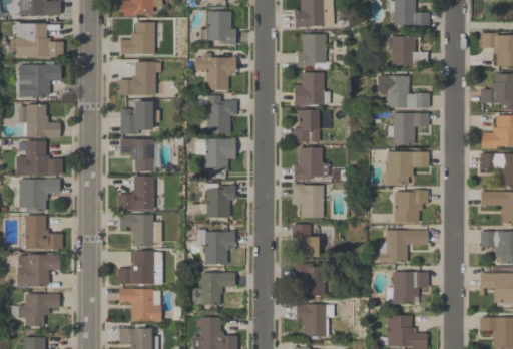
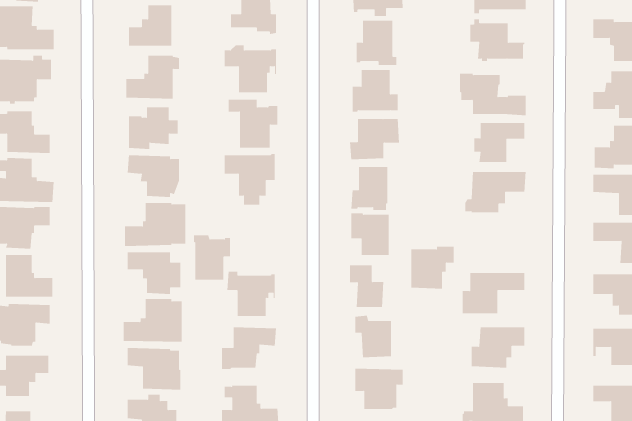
building: [206,183,235,218] -> [193,235,231,280]
building: [395,190,429,223] -> [410,246,454,289]

